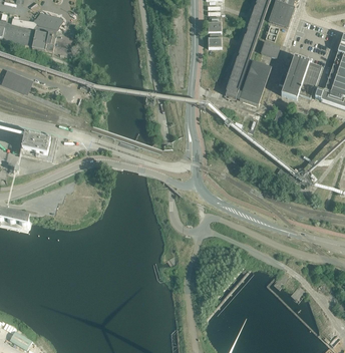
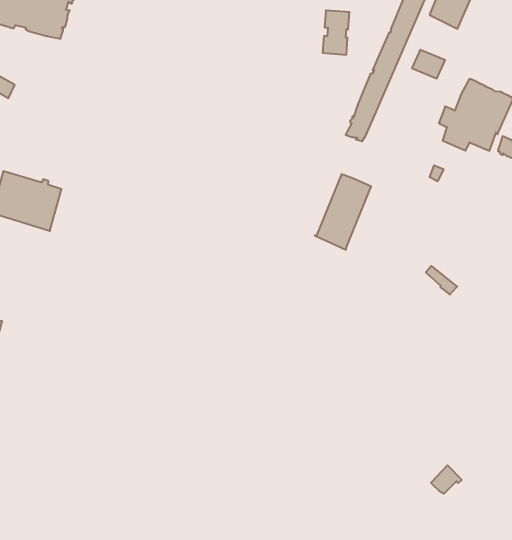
building: [239,61,270,105] -> [315,174,371,250]

